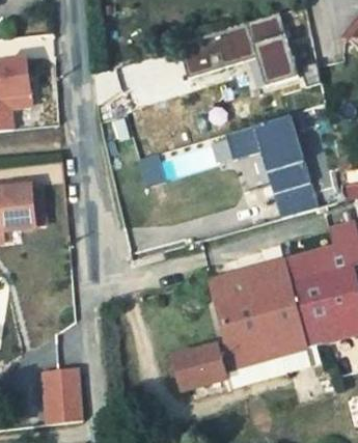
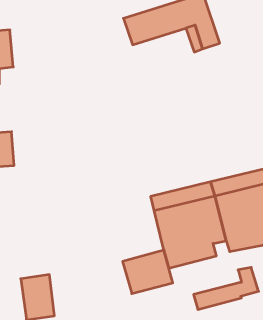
building: [218,118,312,222] -> none
building: [227,326,309,379] -> [194,267,259,309]

